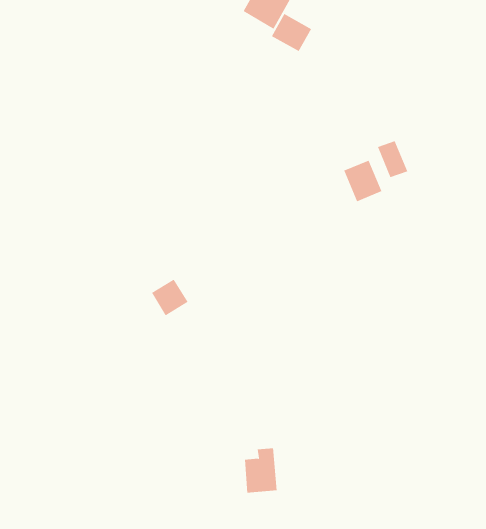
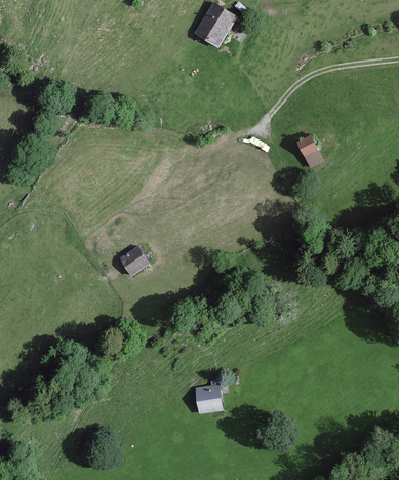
building: [271,13,312,52] -> none
building: [344,160,382,202] -> none

